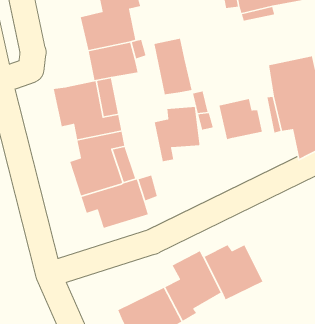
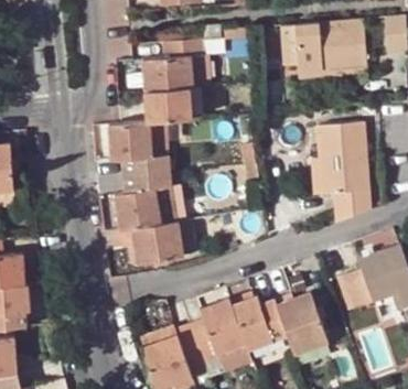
building: [154,38,192,95] -> none
building: [219,98,263,140] -> none
building: [154,106,200,162] -> none
building: none -> [273,289,330,353]

